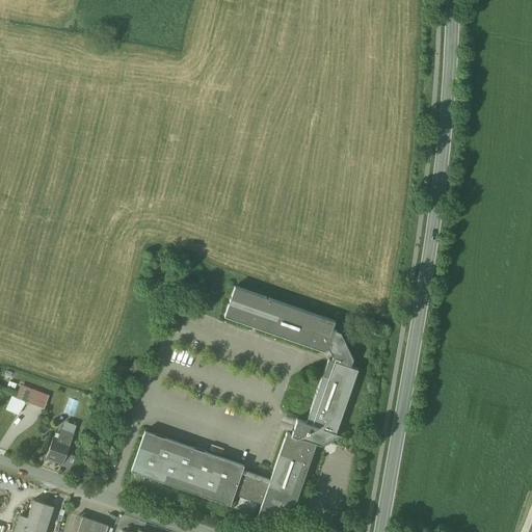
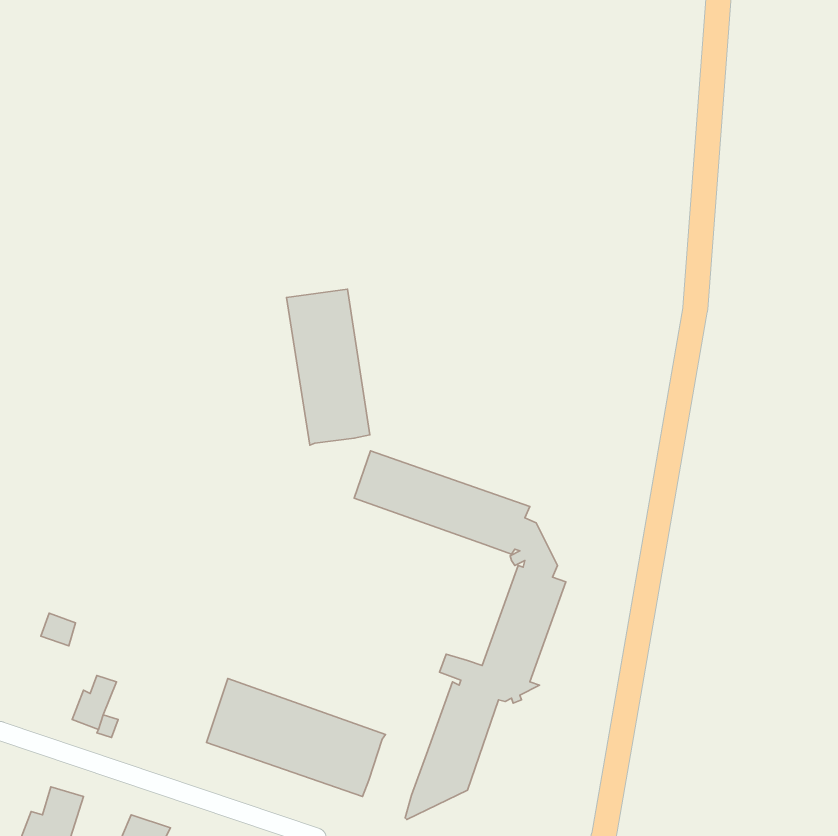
building: none -> [286,289,370,445]
building: [234,470,270,505] -> none

